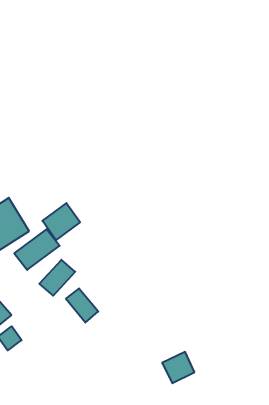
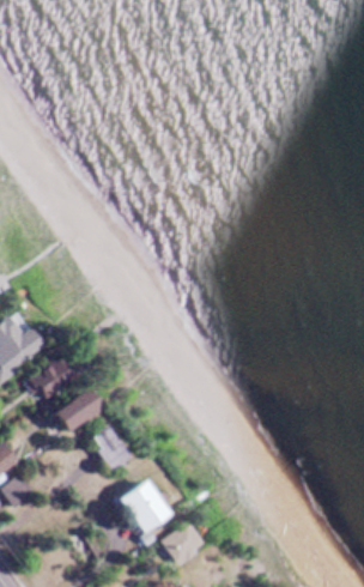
building: [42,203,80,240] -> none
building: none -> [116,479,174,538]
building: [162,352,194,383] -> [162,524,204,564]

